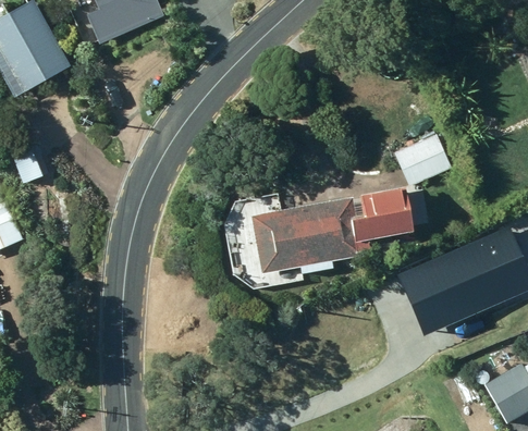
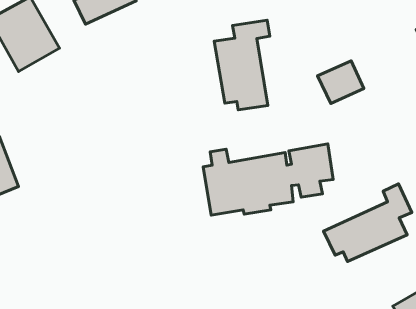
building: none -> [214,20,270,110]
building: [393,133,450,185] -> [317,61,364,104]

